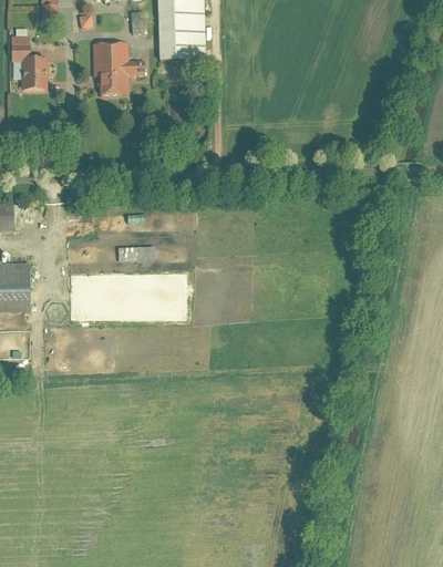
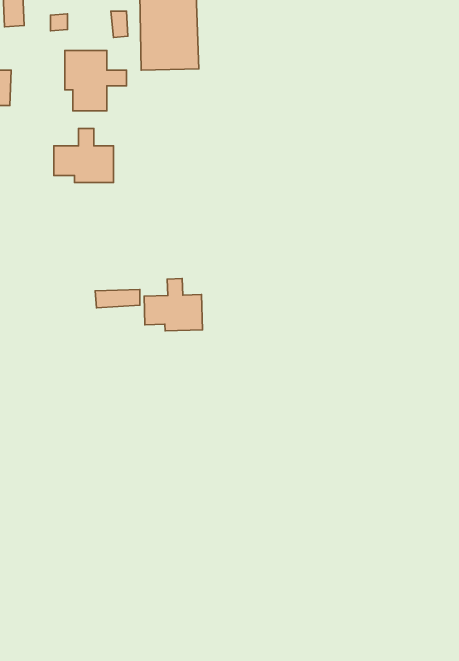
building: none -> [54,128,113,182]
building: none -> [144,279,202,331]

